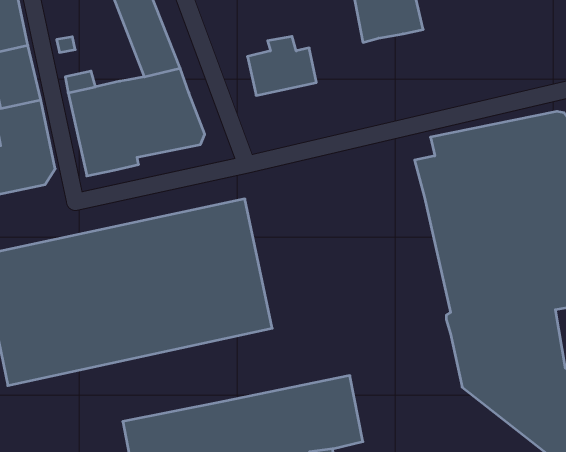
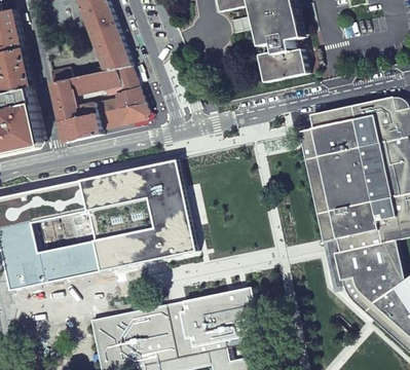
building: [247,36,316,95] -> [257,41,306,83]

